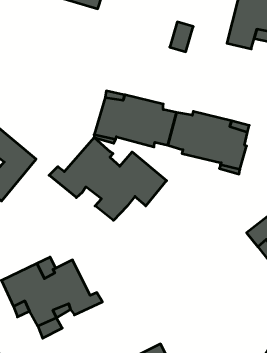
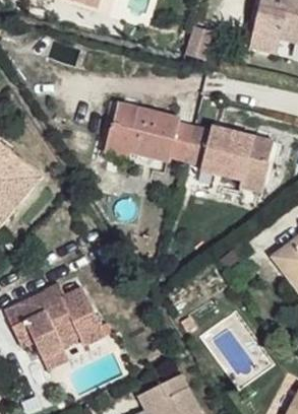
building: [49,138,167,220] -> none

